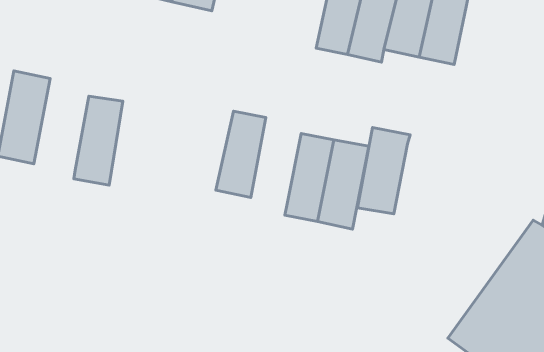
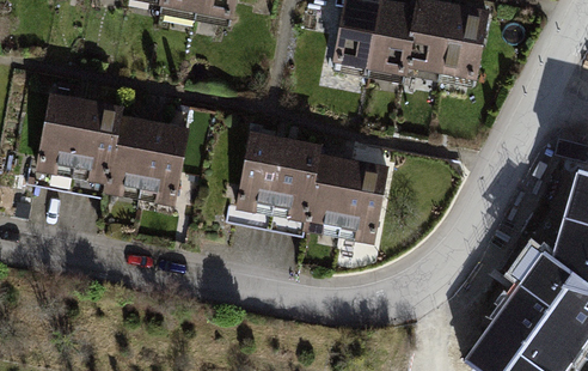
building: none -> [69,101,123,188]
building: none -> [141,122,185,207]
building: [357,127,410,214] -> [276,138,326,220]

